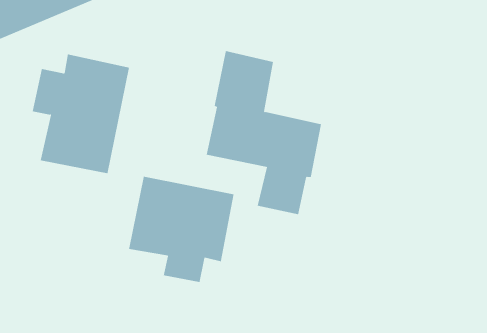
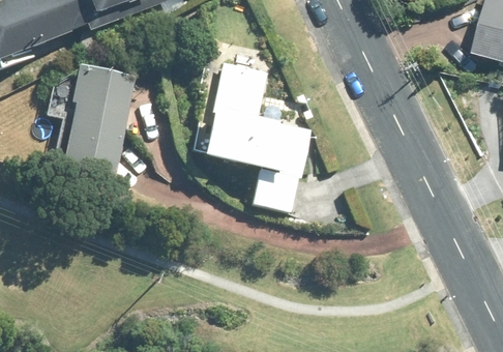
building: [128,176,234,283] -> none

